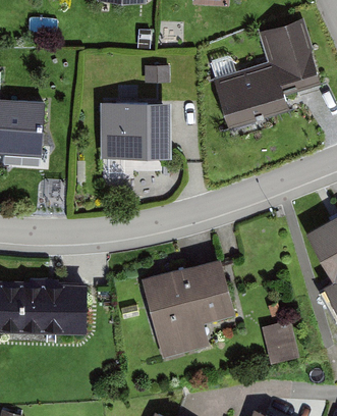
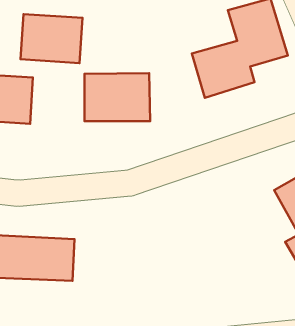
building: none -> [20,14,83,63]
building: [139,259,236,357] -> none
building: [260,321,296,364] -> none

